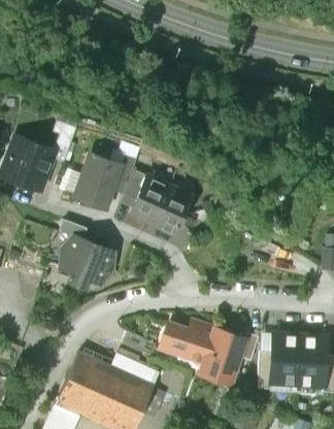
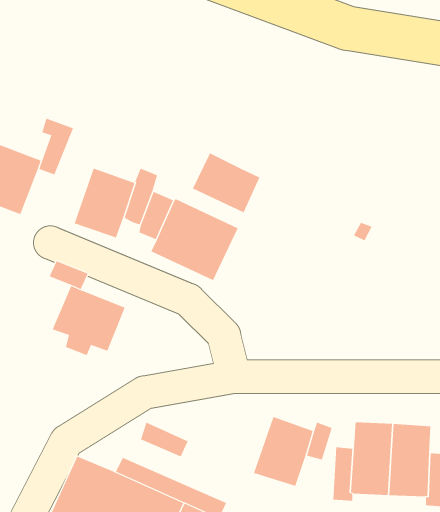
building: none -> [192,152,260,213]
building: [164,324,214,361] -> none

